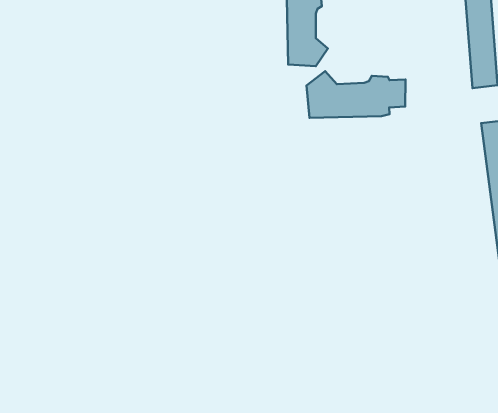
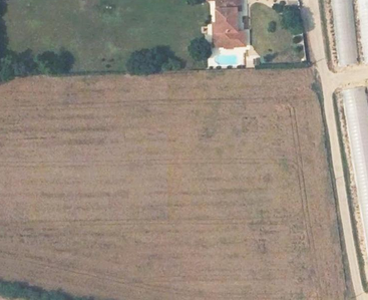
building: [307,71,406,118] -> none

